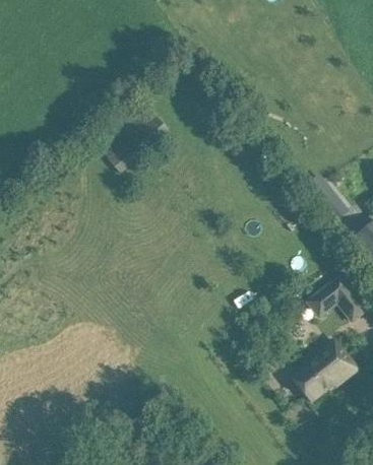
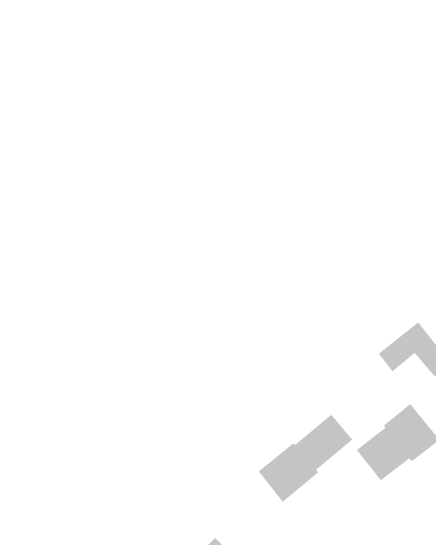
building: none -> [258,414,353,503]

